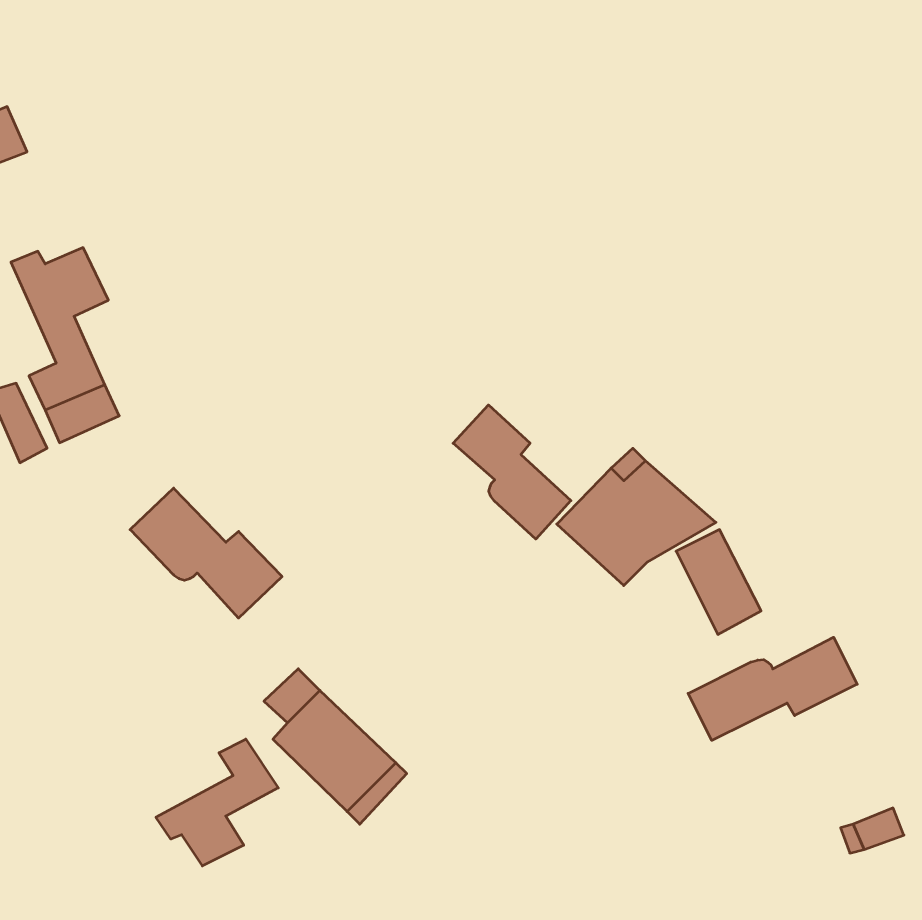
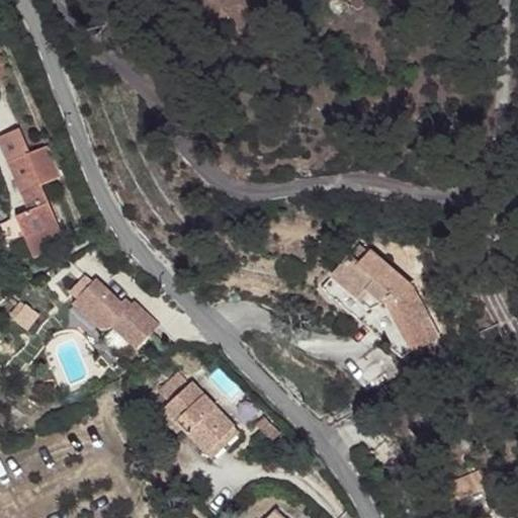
building: [453,405,571,539] -> none
building: [688,637,857,740] -> none
building: [156,739,278,866] -> none

